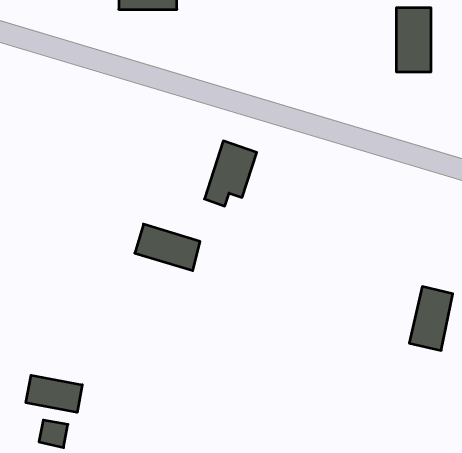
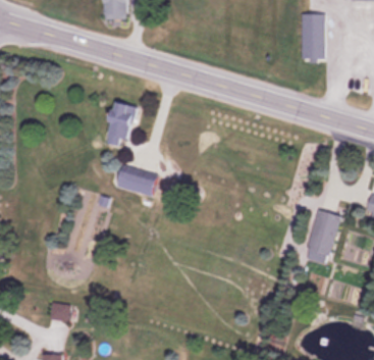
building: [204,141,257,206] -> [103,100,140,146]
building: [26,375,82,412] -> none

